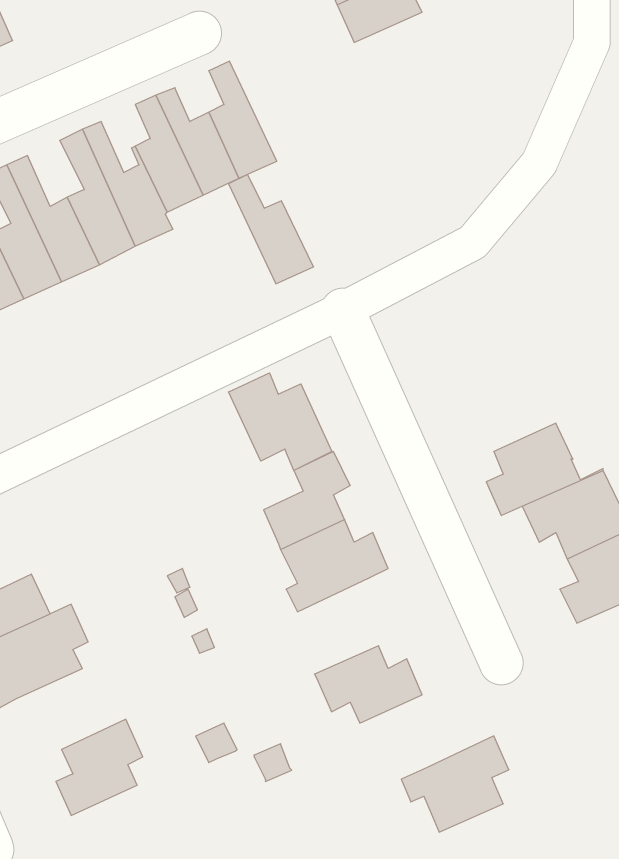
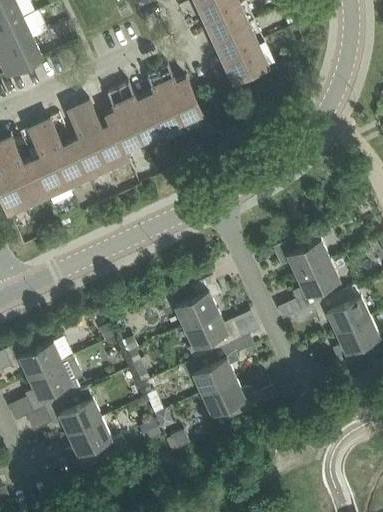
building: none -> [222,42,267,78]
building: [229,174,314,284] -> [156,63,201,121]
building: [228,373,332,470] -> none
building: none -> [271,237,329,275]
building: none -> [43,387,101,433]
building: [401,736,509,832] -> [181,342,238,393]

